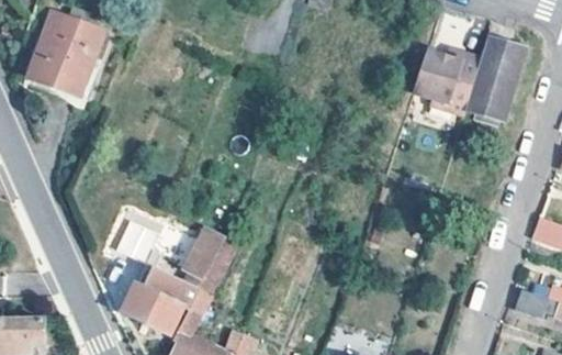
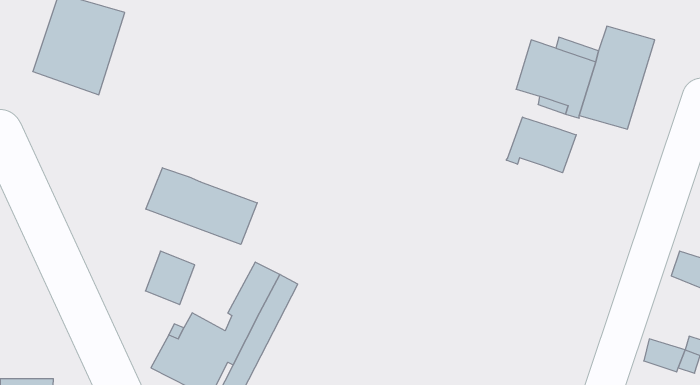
building: none -> [506,117,576,173]
building: none -> [146,168,257,244]

